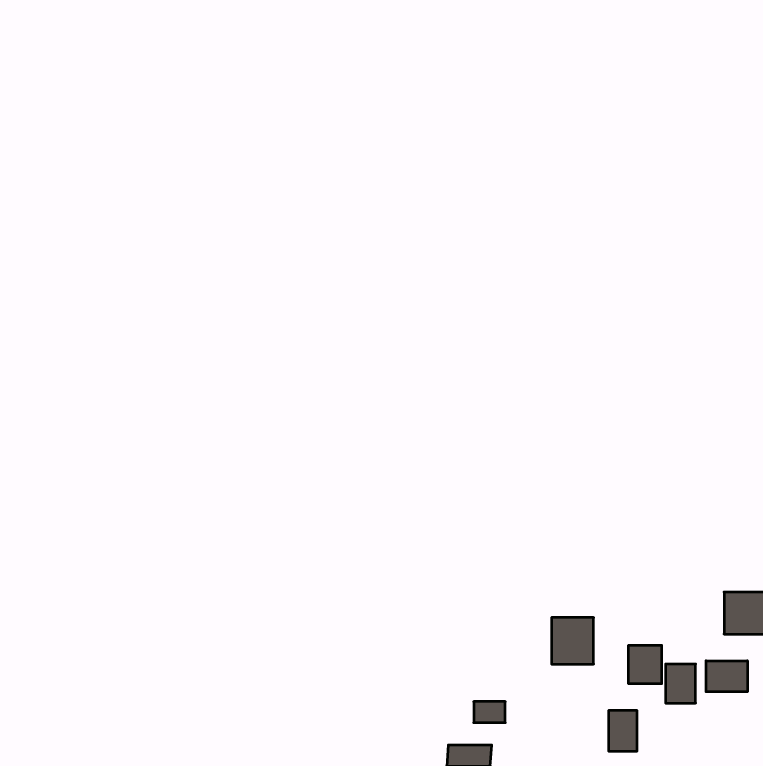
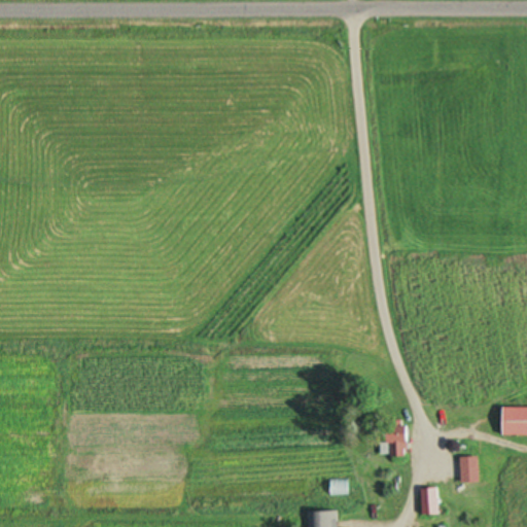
building: [629,645,662,684] -> none
building: [706,661,747,692] -> none

